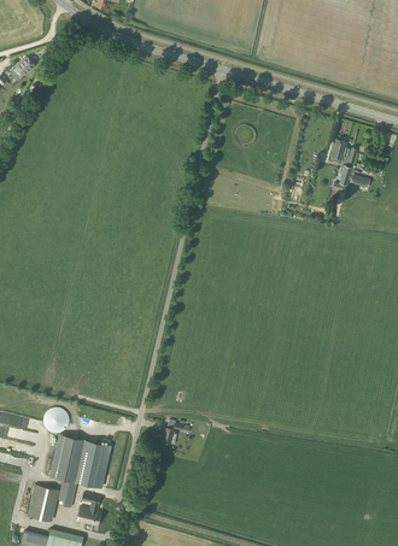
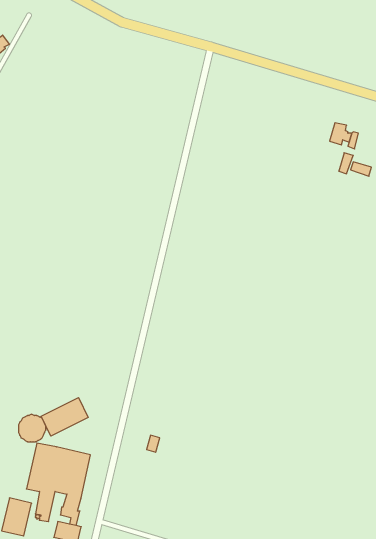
building: none -> [41,398,88,436]

